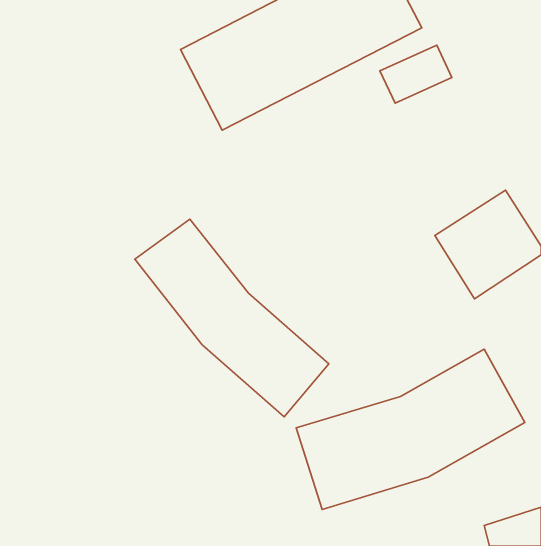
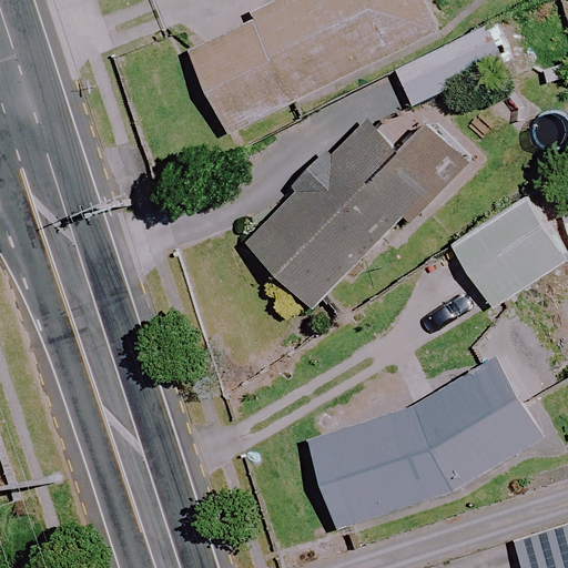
building: none -> [242,118,467,307]
building: [135,219,329,417] -> none

